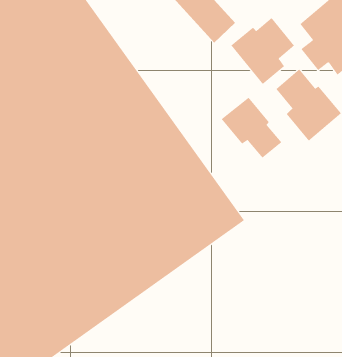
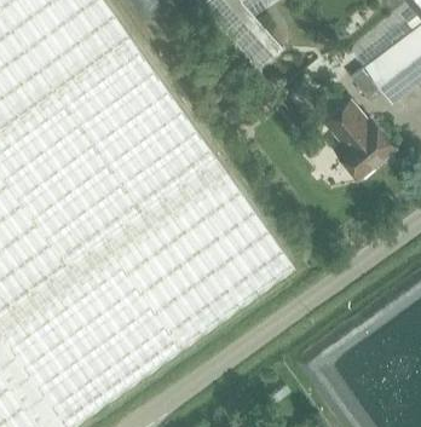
building: [231,17,295,85] -> none
building: [221,97,282,159] -> none

